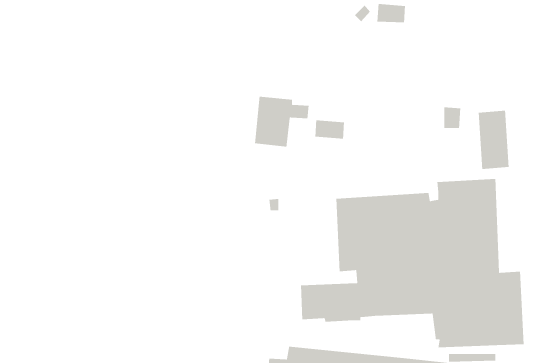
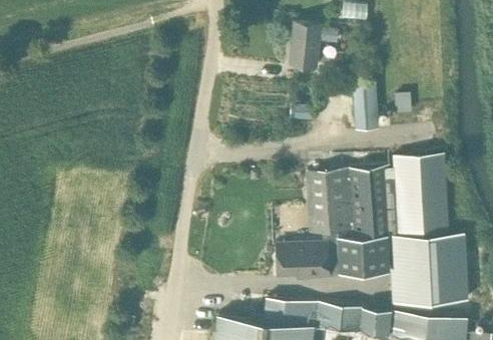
building: [254,96,309,147] -> [288,24,335,68]
building: [478,110,510,170] -> [351,82,378,133]

